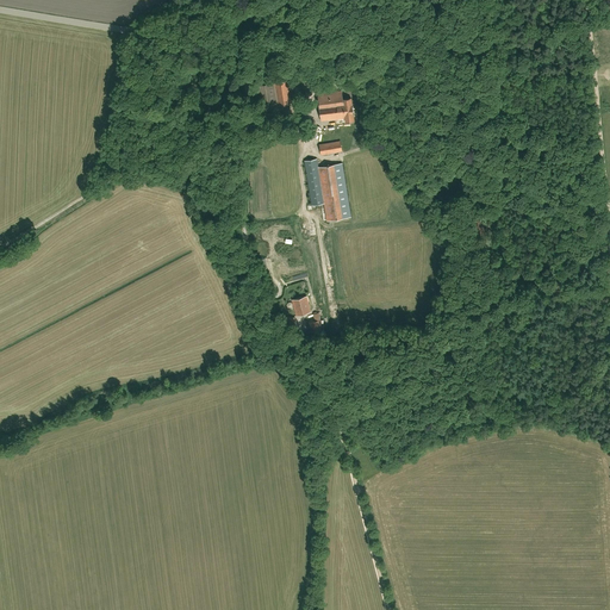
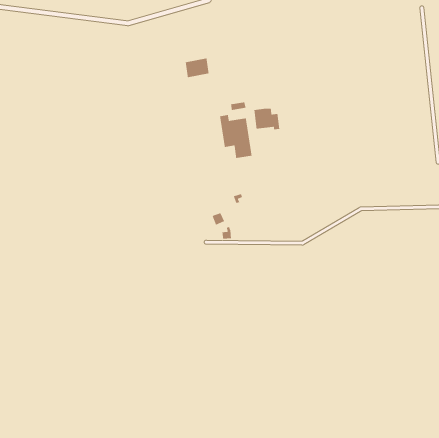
building: [317,92,354,123] -> [253,108,280,130]

